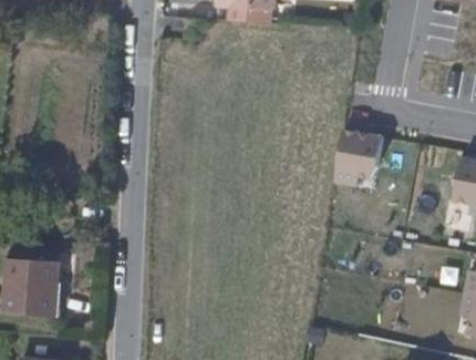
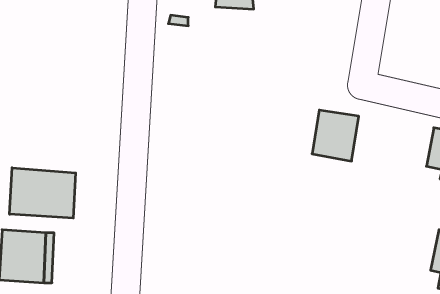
building: none -> [10,168,76,218]

